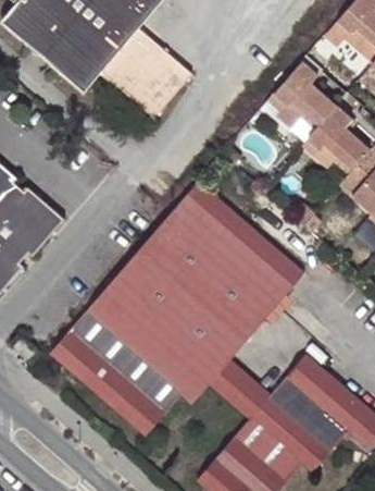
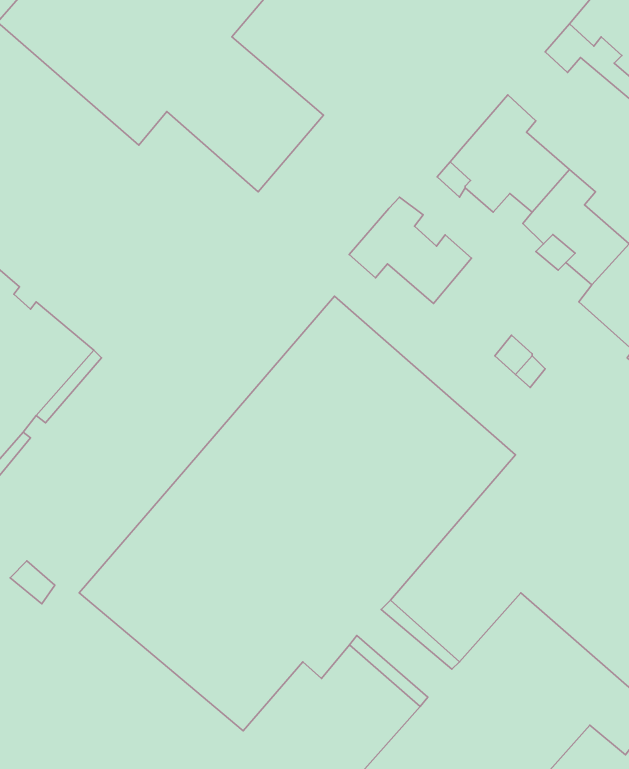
building: none -> [349,197,471,304]

